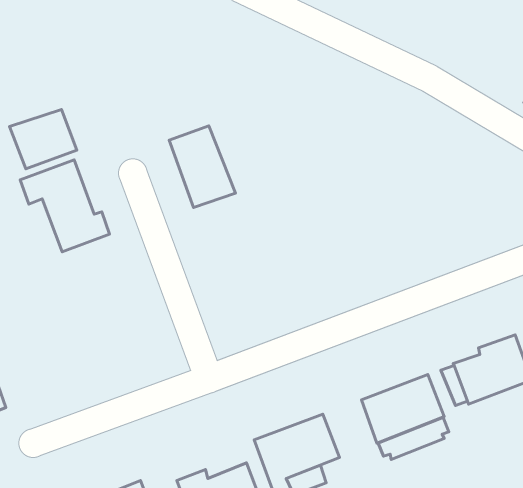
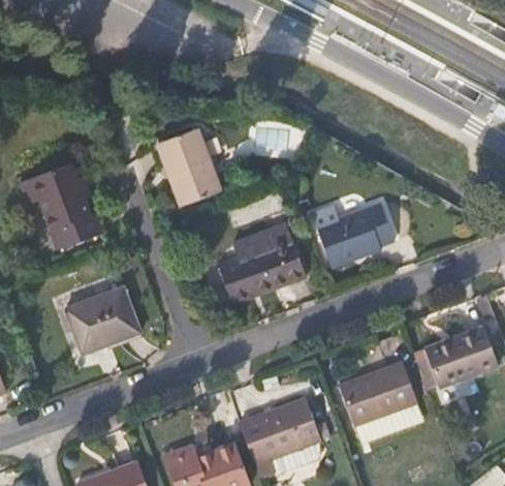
building: [10,110,77,169] -> none
building: none -> [315,203,397,267]
building: none -> [220,222,309,303]
building: none -> [67,286,141,355]

